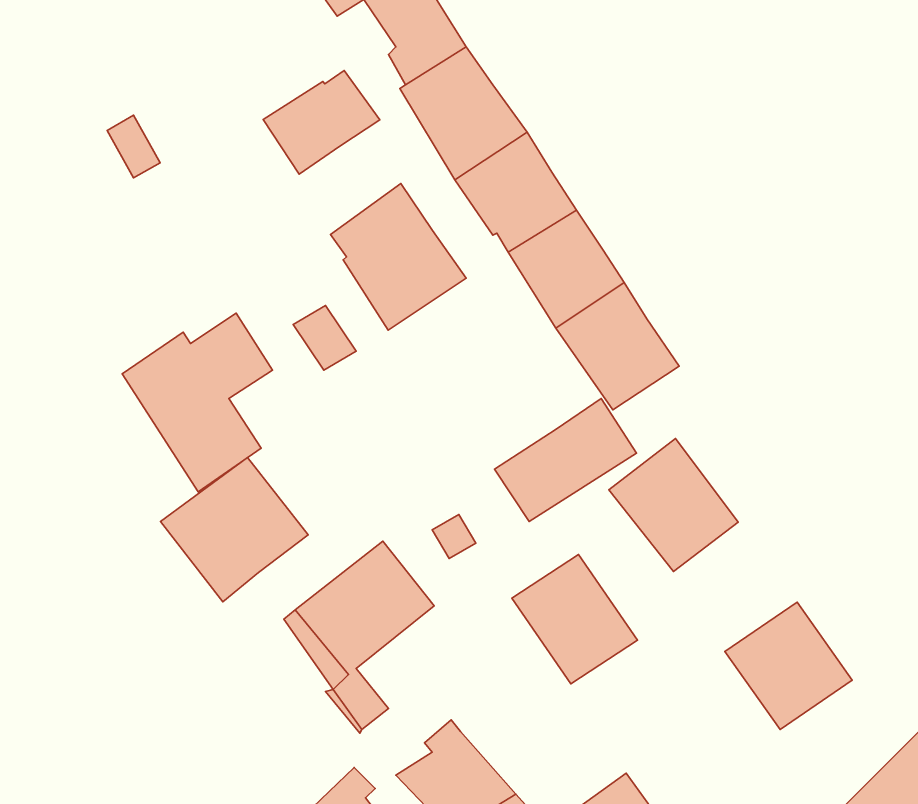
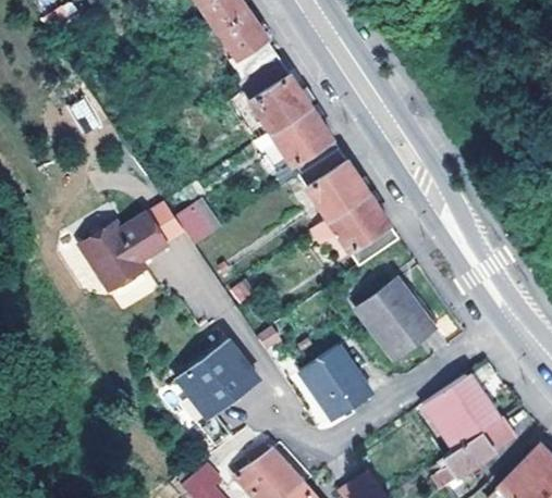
building: [263,70,380,174] -> none
building: [330,183,466,330] -> none
building: [494,399,636,521] -> none
building: [161,457,308,602] -> none
building: none -> [444,414,517,475]

